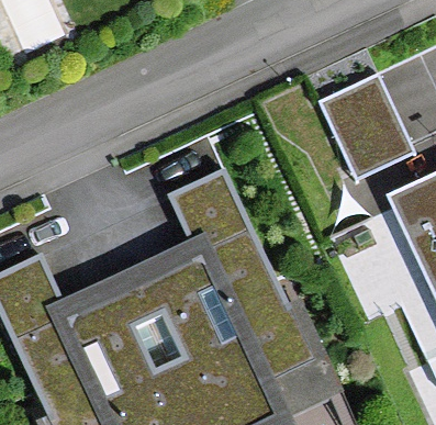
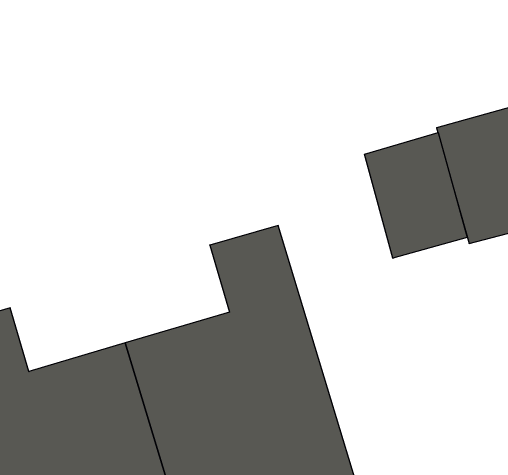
building: none -> [364,133,467,258]

